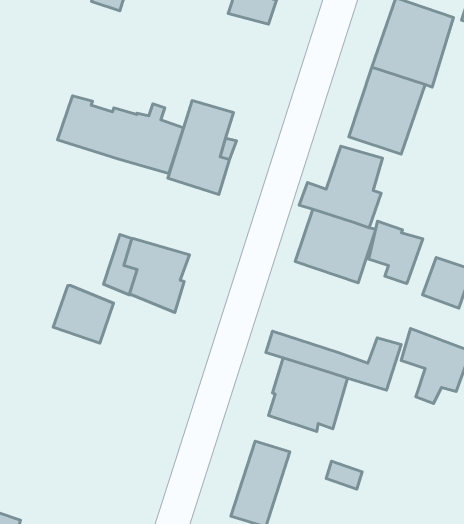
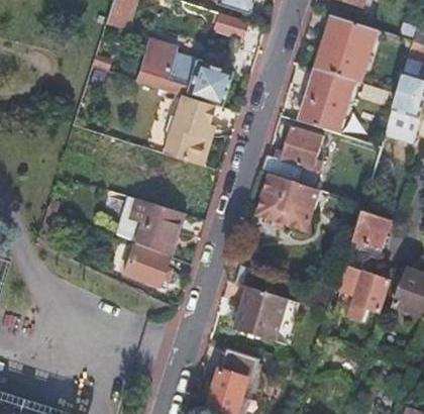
building: [58,96,184,173] -> [134,45,229,104]
building: [368,221,423,284] -> none
building: [53,286,113,343] -> [121,239,167,283]

